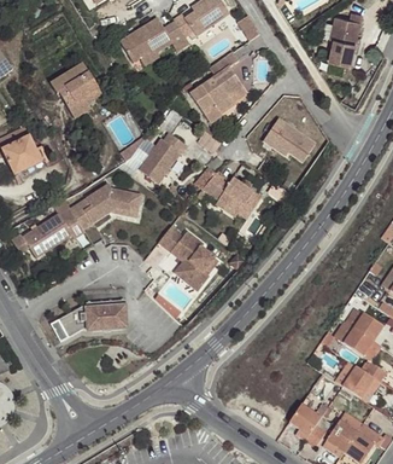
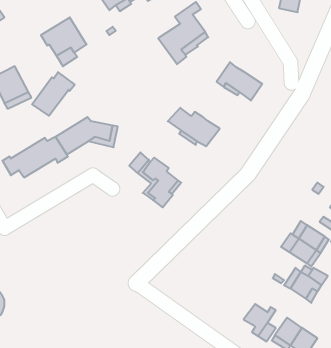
building: [137,130,187,181] -> [32,72,75,116]
building: [57,300,125,336] -> none

